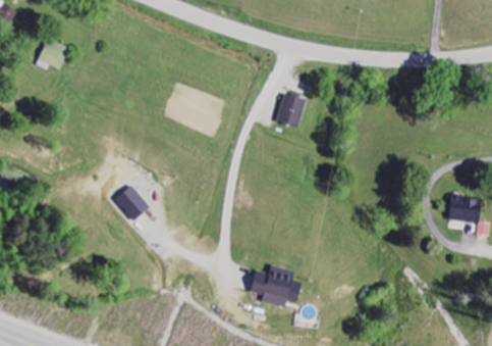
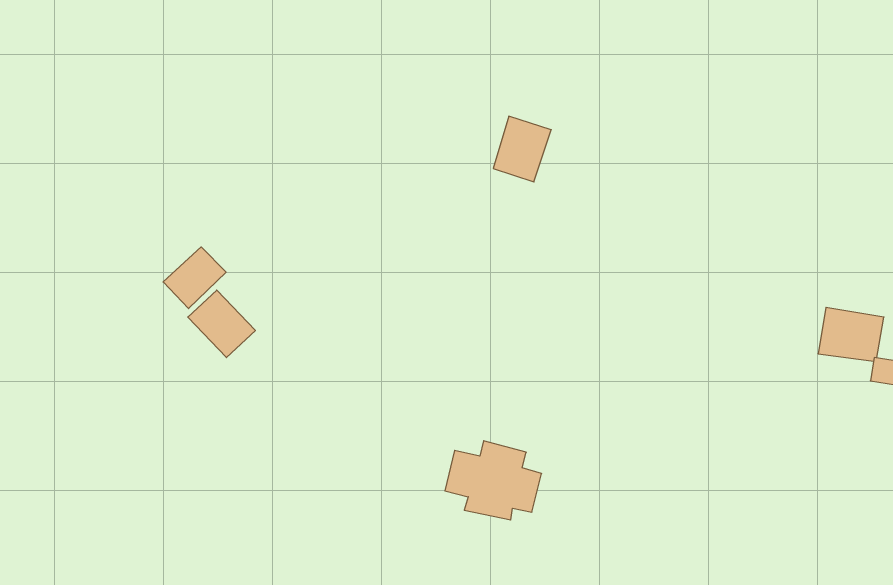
building: [36,39,68,69] -> none
building: none -> [163,247,226,309]

